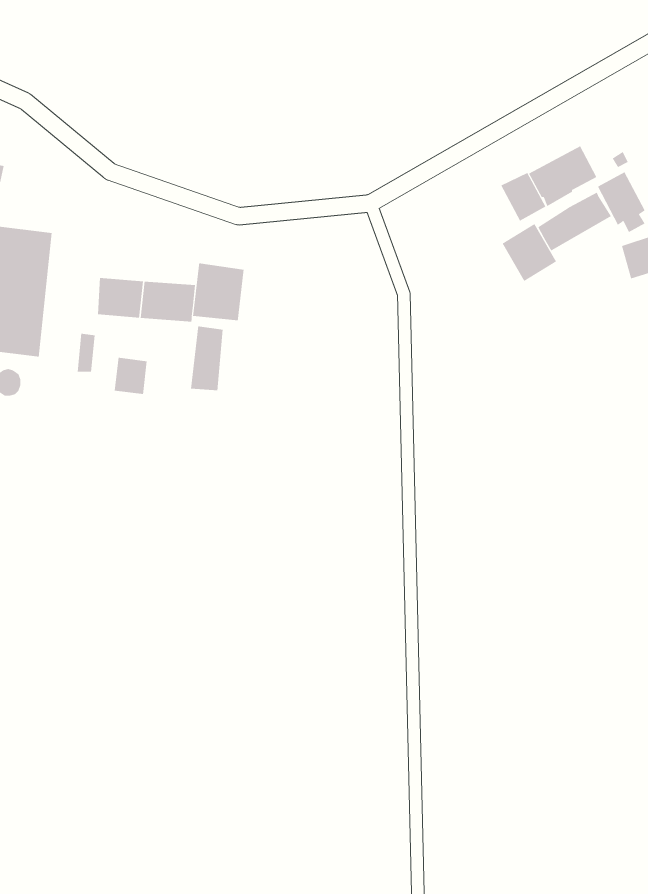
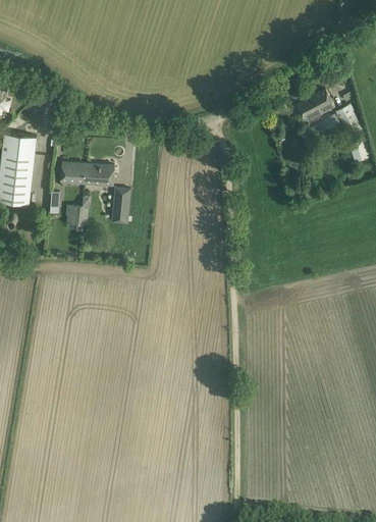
building: [501,172,546,221] -> none
building: [502,223,557,282] -> none
building: [193,262,244,321] -> none

